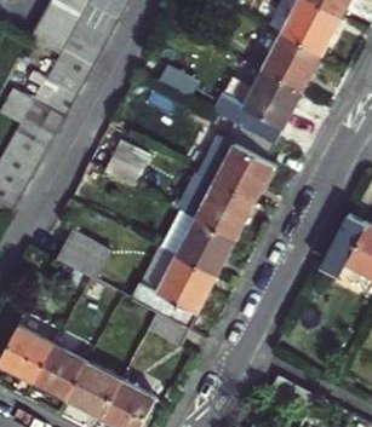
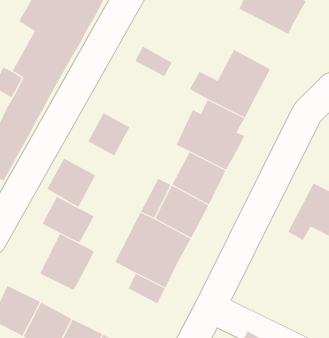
building: [262,34,321,92] -> none
building: none -> [46,158,96,208]
building: none -> [39,233,95,291]

